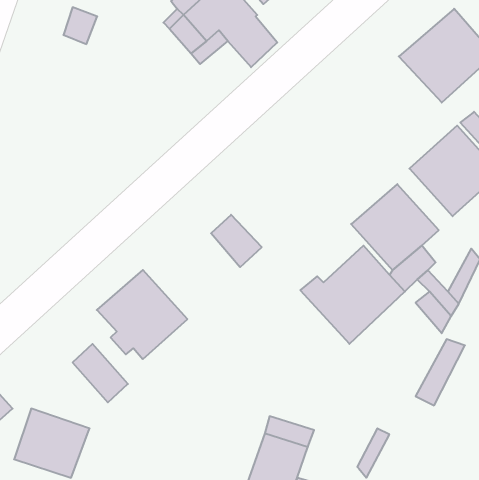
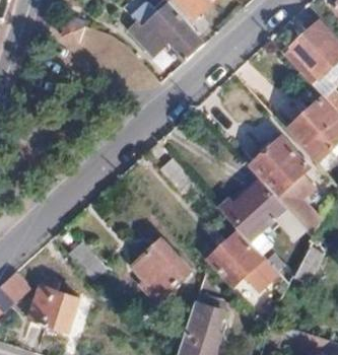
building: [97,270,187,359] -> [131,238,191,297]
building: none -> [207,231,278,284]

